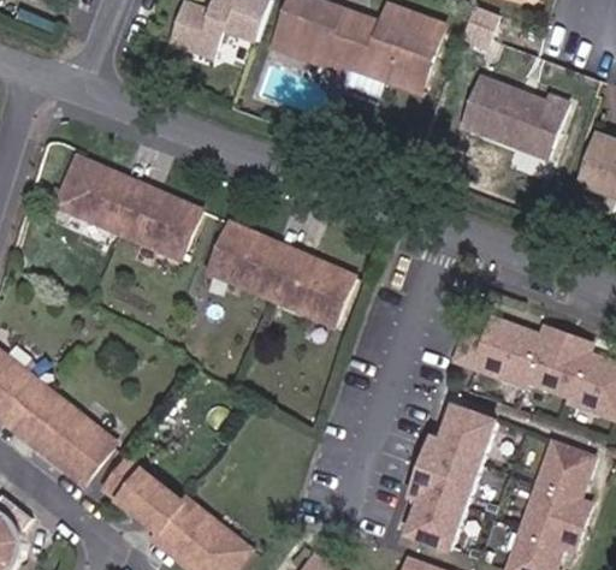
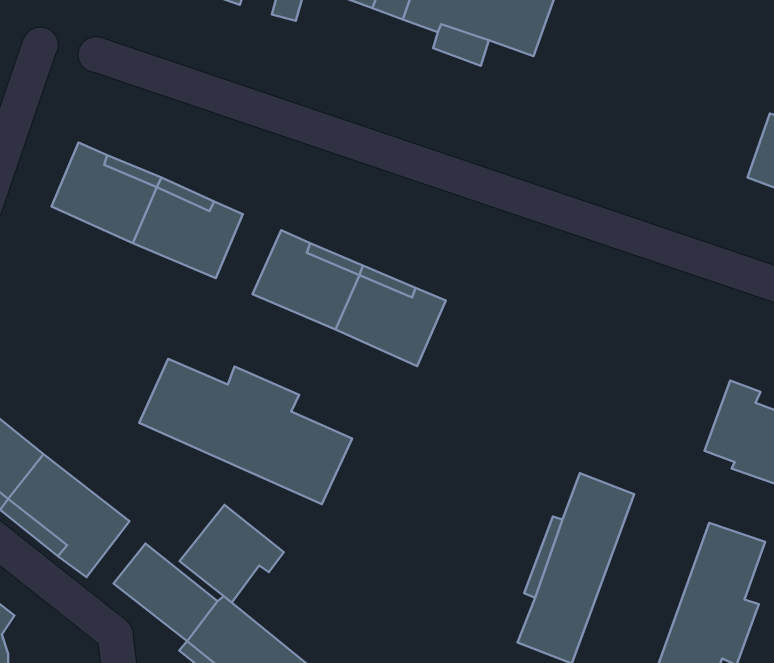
building: [462,77,569,159] -> none
building: [452,317,567,387] -> none
building: none -> [139,359,352,504]
building: none -> [180,505,284,603]

